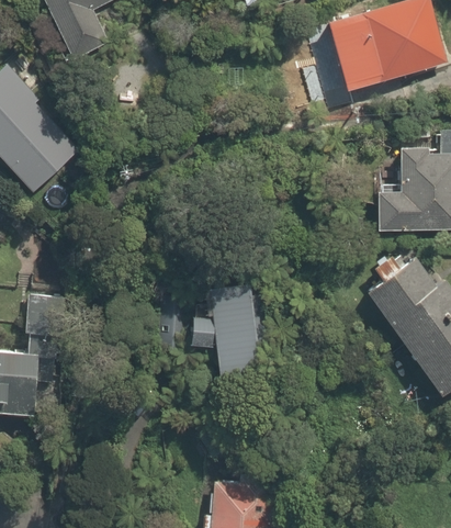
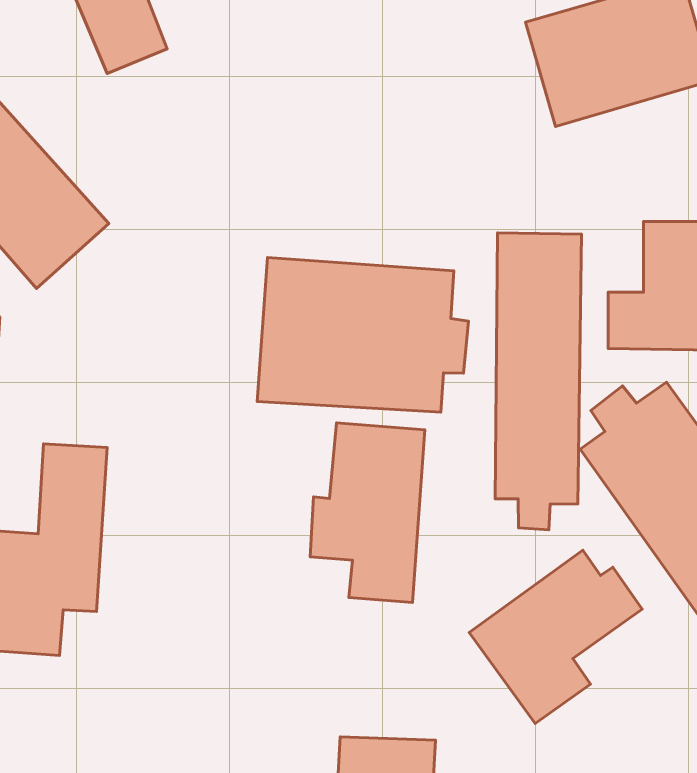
building: none -> [495,233,582,530]
building: none -> [257,257,468,412]
building: none -> [469,550,642,723]

